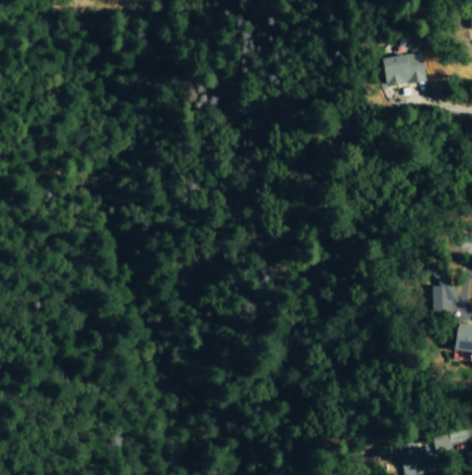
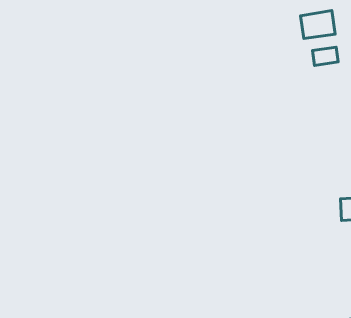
building: none -> [312,47,338,65]

